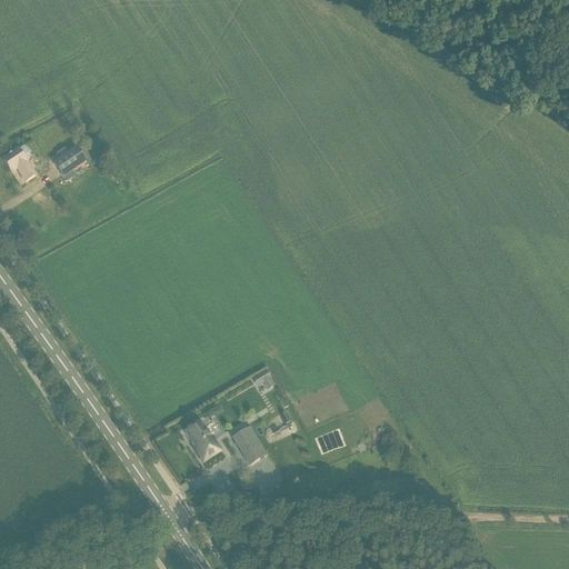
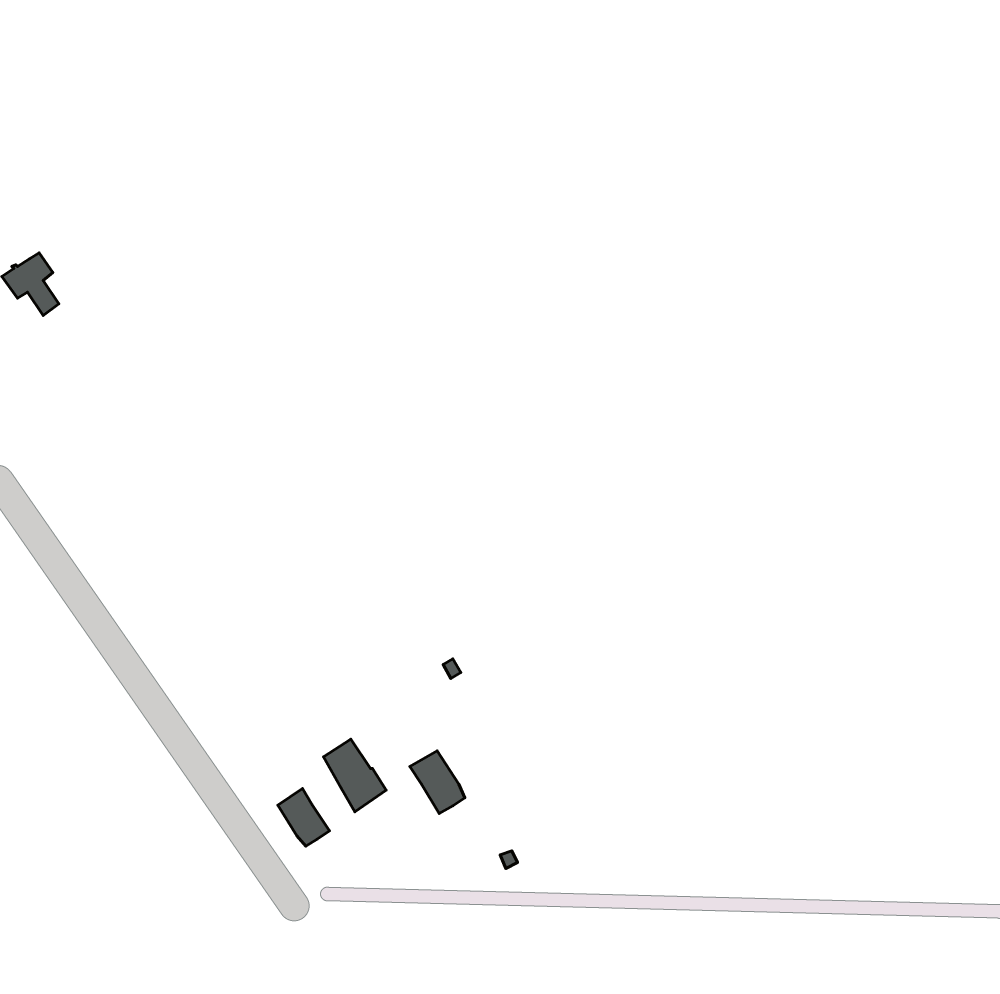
building: [52,144,84,179] -> none
building: none -> [278,788,329,846]

